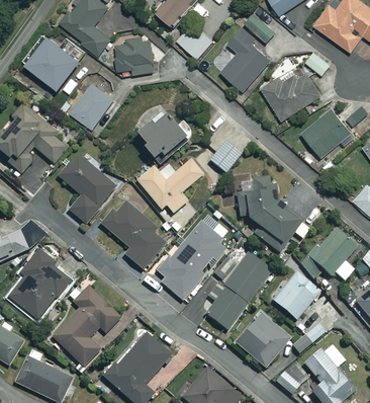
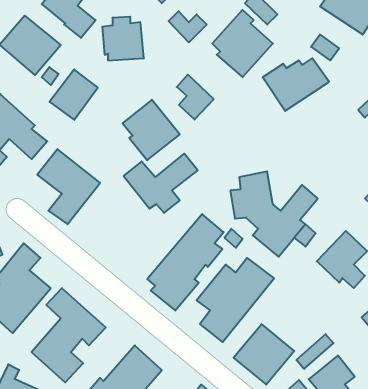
building: [302,108,352,157] -> none
building: [207,133,241,173] -> [177,75,214,120]
building: [101,199,165,269] -> none
building: [272,271,319,319] -> none

